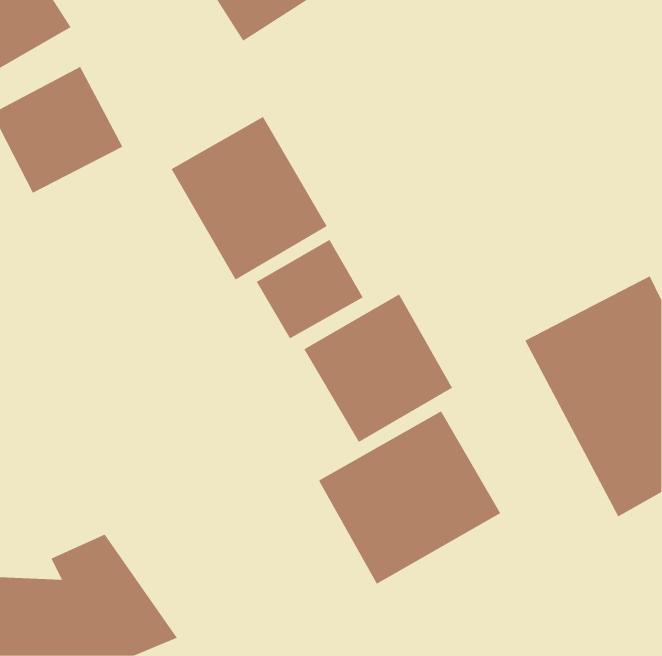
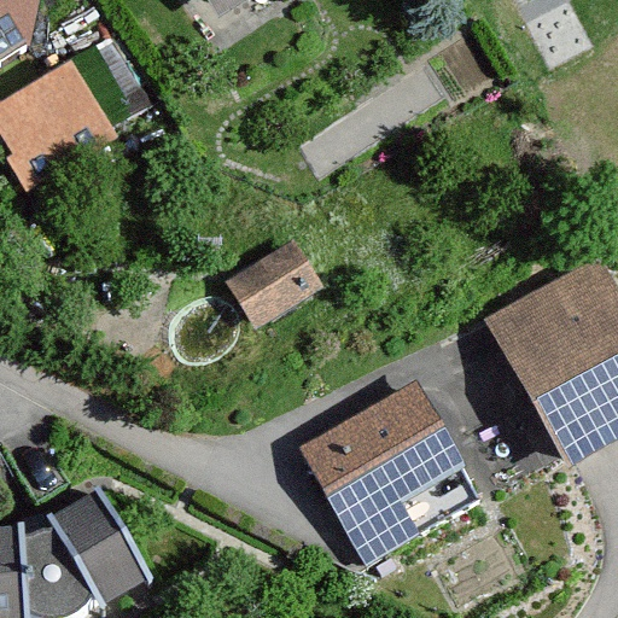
building: [171,116,327,281] -> none
building: [304,294,453,443] -> none

